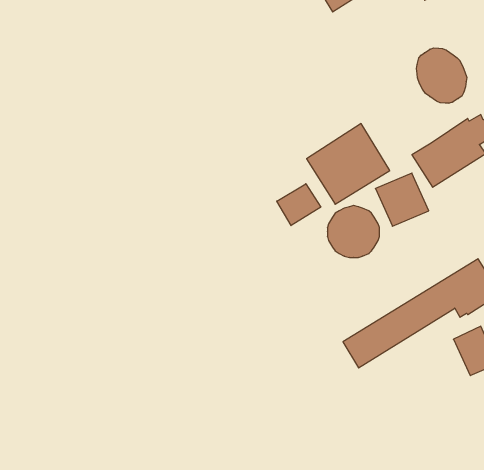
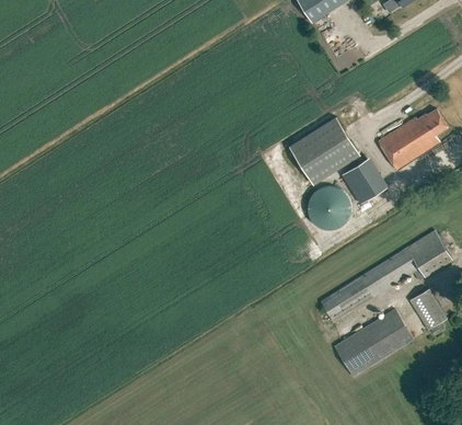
building: [416,48,467,103] -> none
building: [277,184,321,226] -> none
building: none -> [333,307,412,375]

